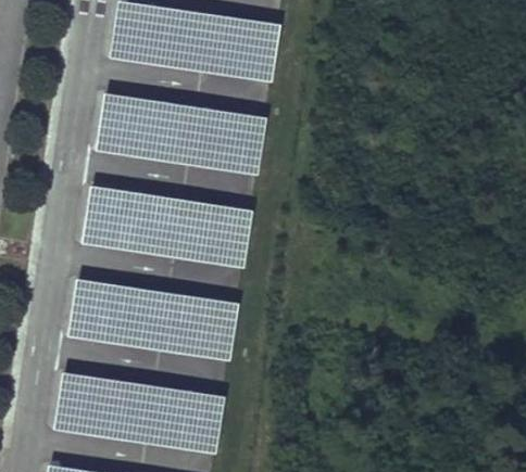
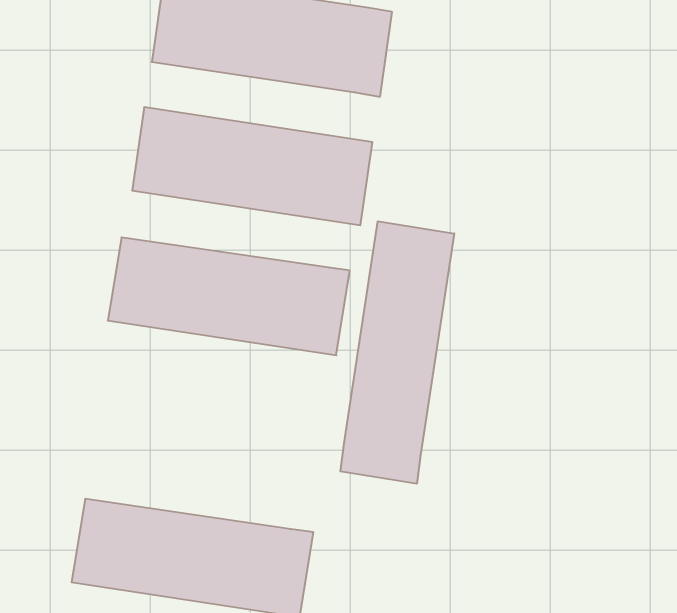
building: none -> [340,221,454,484]
building: [66,277,240,362] -> none

